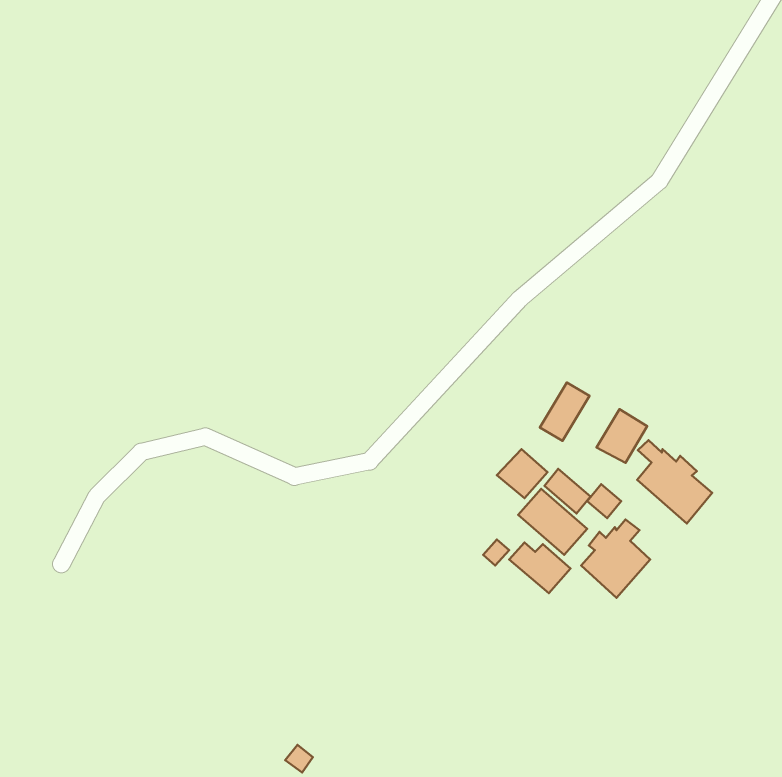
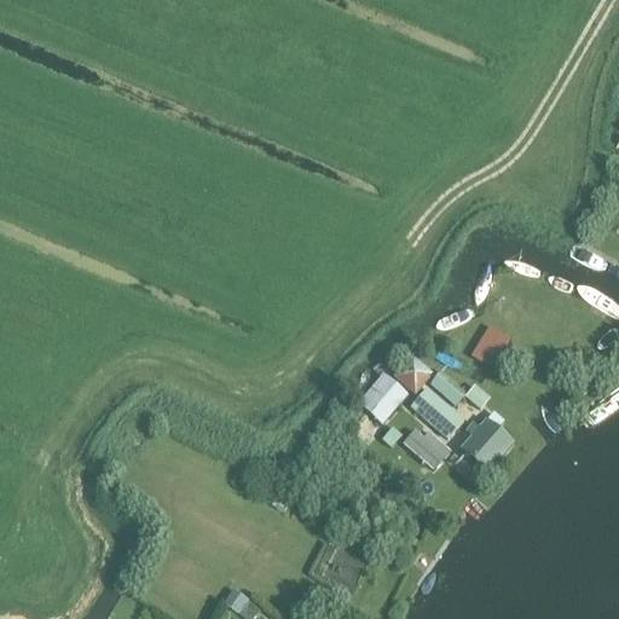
building: [540,383,590,441] -> none
building: [637,440,712,523] -> none
building: none -> [357,372,409,423]

